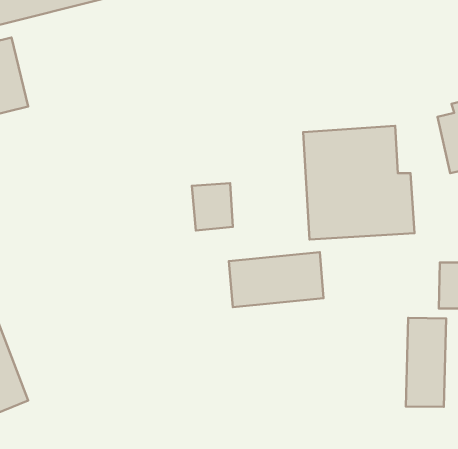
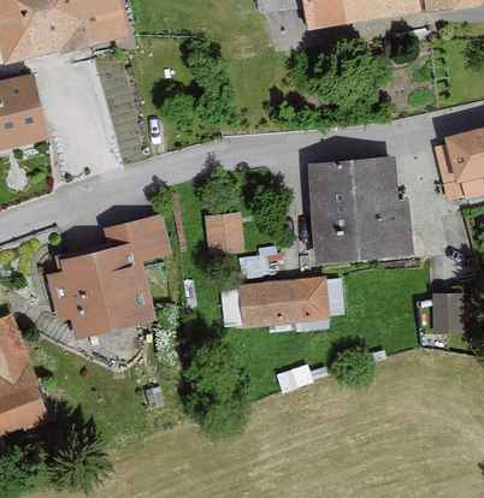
building: none -> [46,215,167,339]
building: [406,318,446,407] -> none

